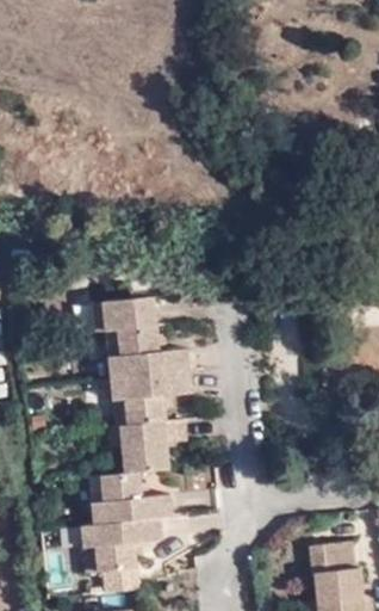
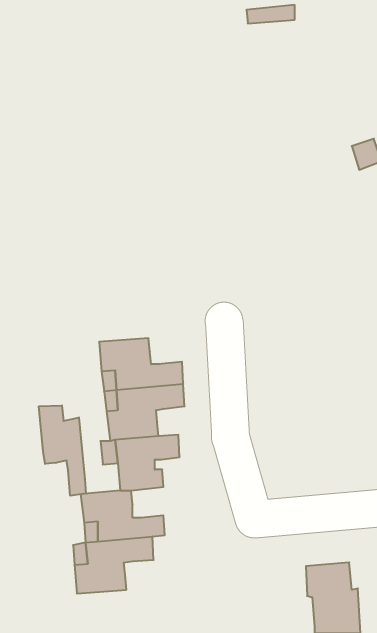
building: [97,297,157,331] -> none
building: none -> [39,405,86,496]

